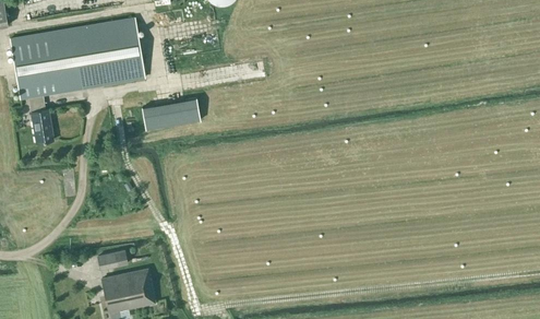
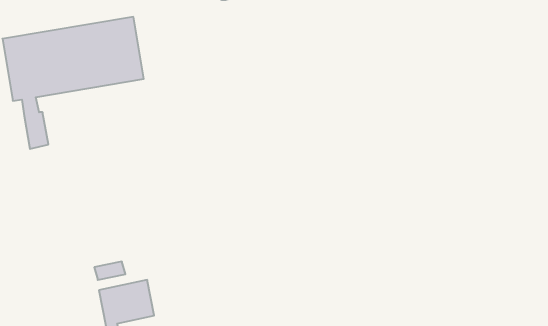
building: [142,98,201,130] -> none

